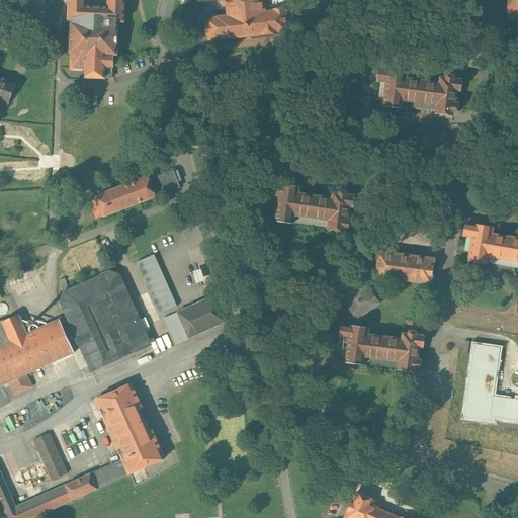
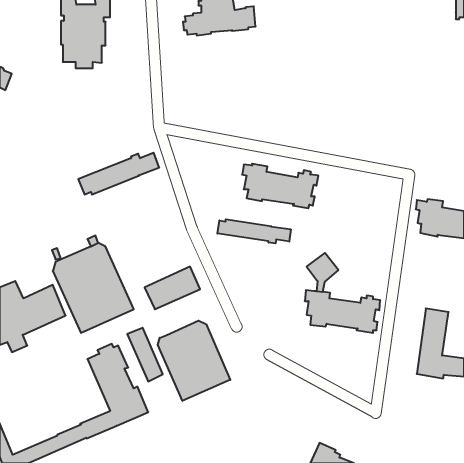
building: [375,69,459,115] -> none
building: none -> [217,219,291,243]
building: [374,251,433,282] -> none
building: [136,253,175,313] -> [127,328,163,381]
building: none -> [158,321,230,401]
building: [33,432,66,479] -> none

